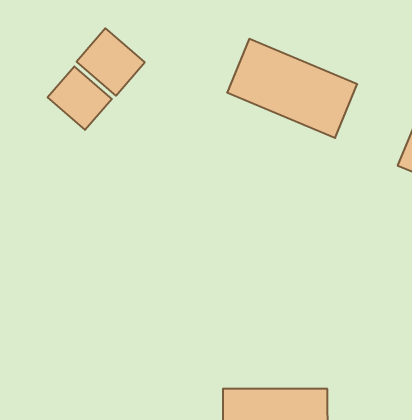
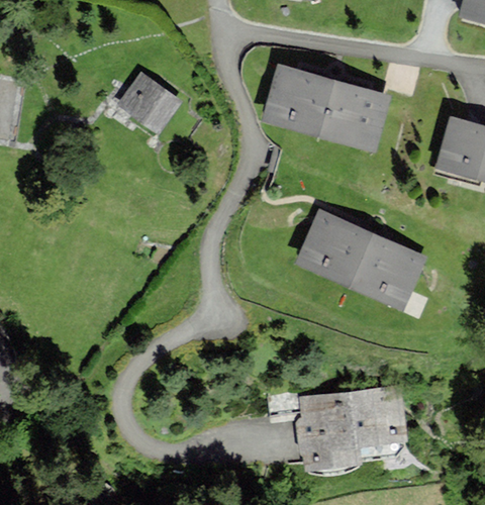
building: [48,66,112,130] -> none
building: none -> [296,211,424,307]

